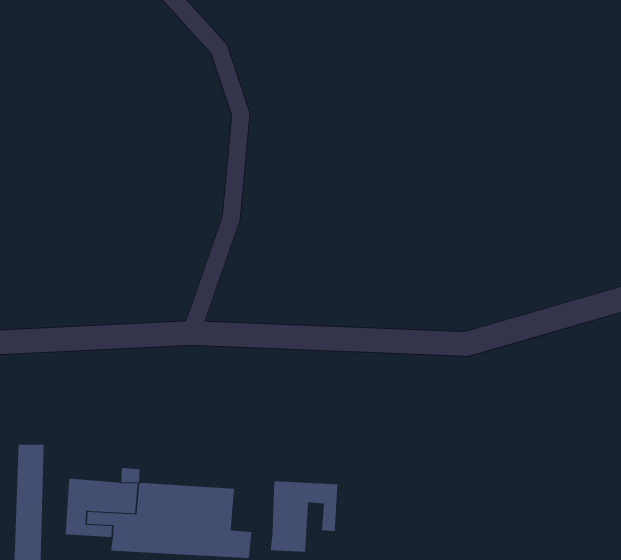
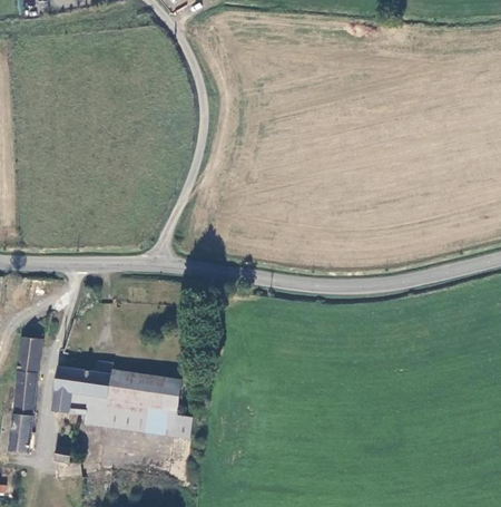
building: [270,480,338,552] -> none

